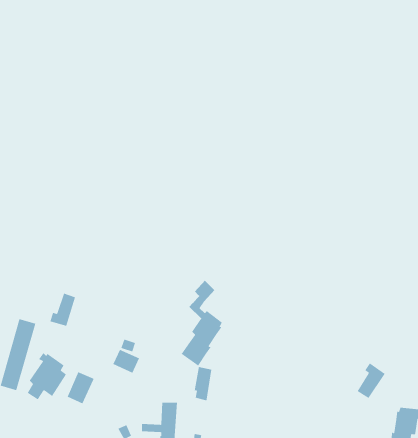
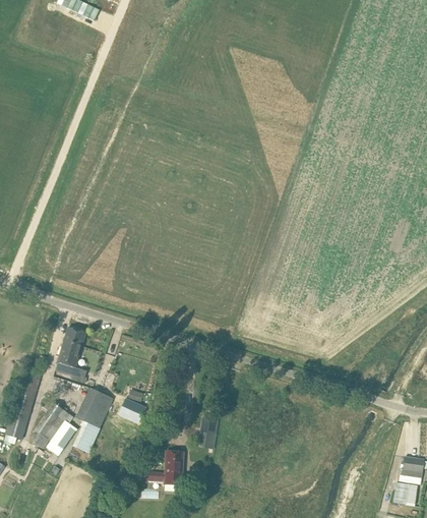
building: none -> [58,327,85,362]
building: [181,280,222,366] -> none
building: none -> [76,388,113,427]
building: [357,362,386,399] -> none

